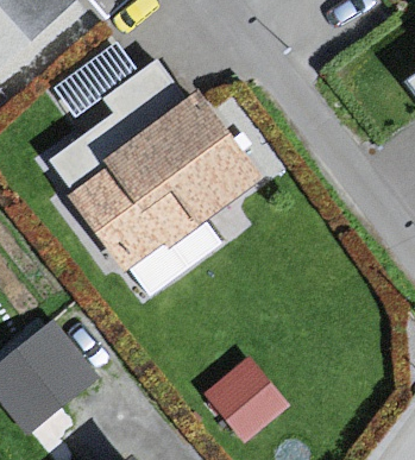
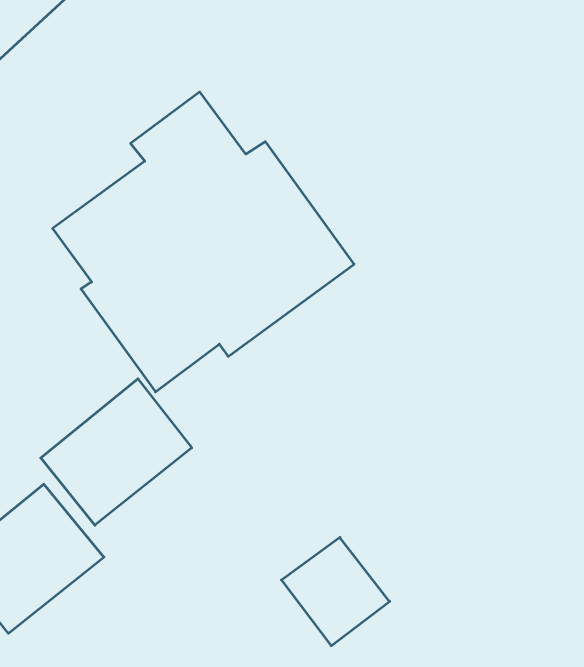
building: none -> [41,379,192,525]

